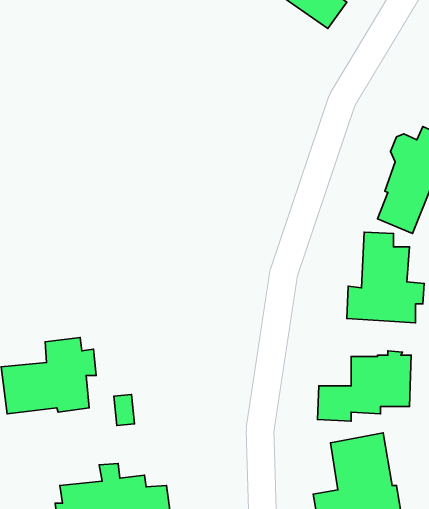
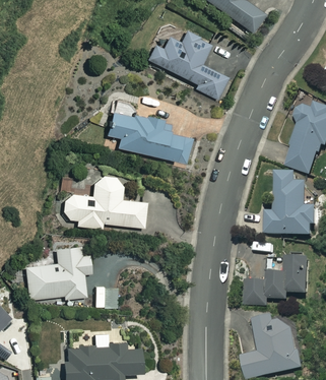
building: none -> [147,30,229,100]
building: none -> [106,111,193,164]
building: none -> [62,176,146,229]

